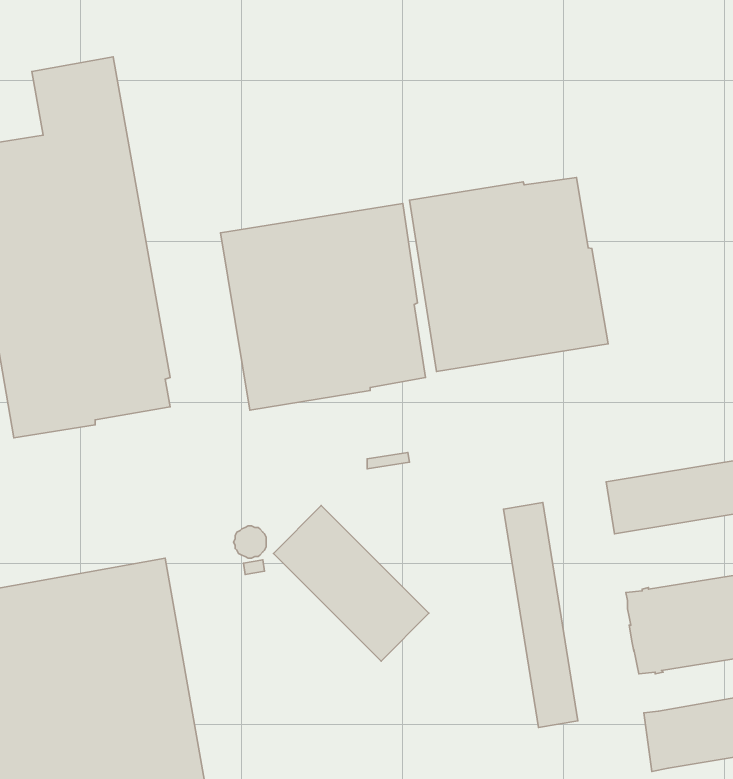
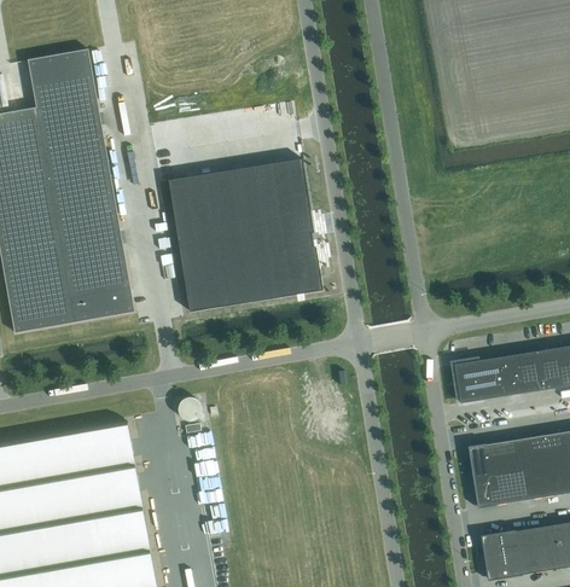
building: [410,177,608,372] -> none
building: [503,502,578,728] -> none
building: [274,505,429,661] -> none

